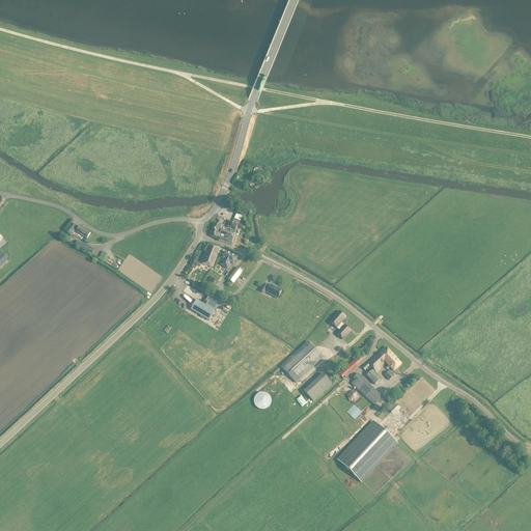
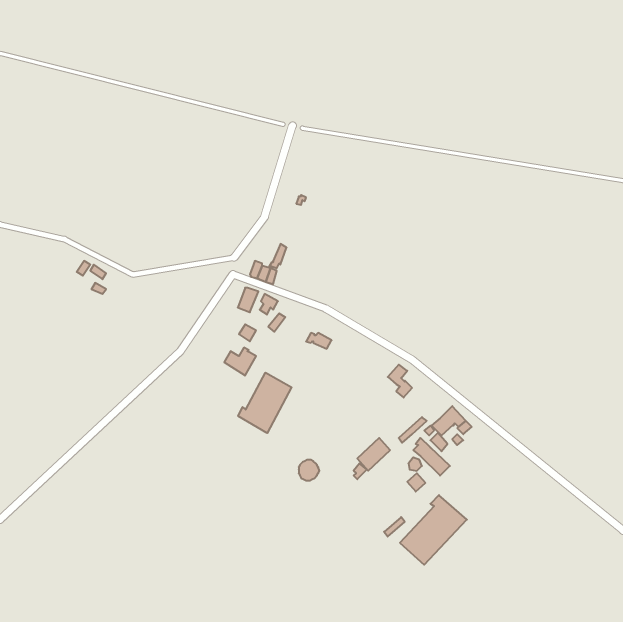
building: none -> [238,373,292,433]
building: [281,340,323,382] -> none

